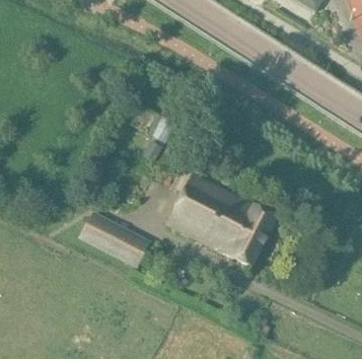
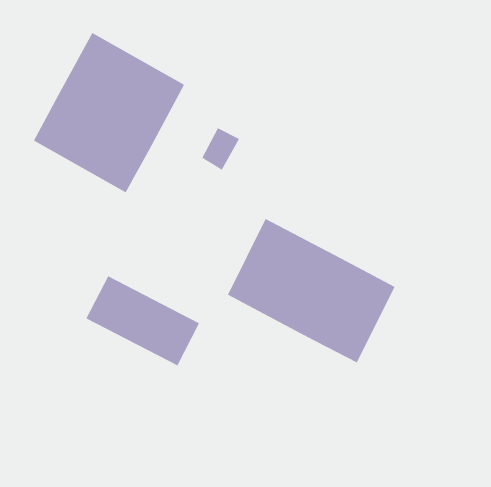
building: none -> [33,32,185,193]

